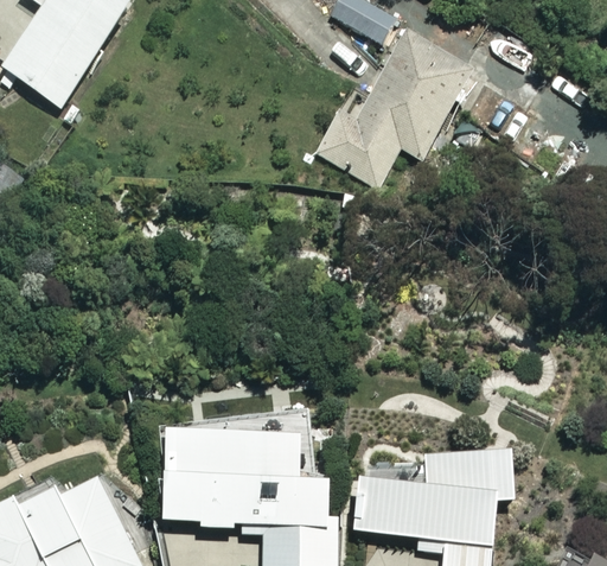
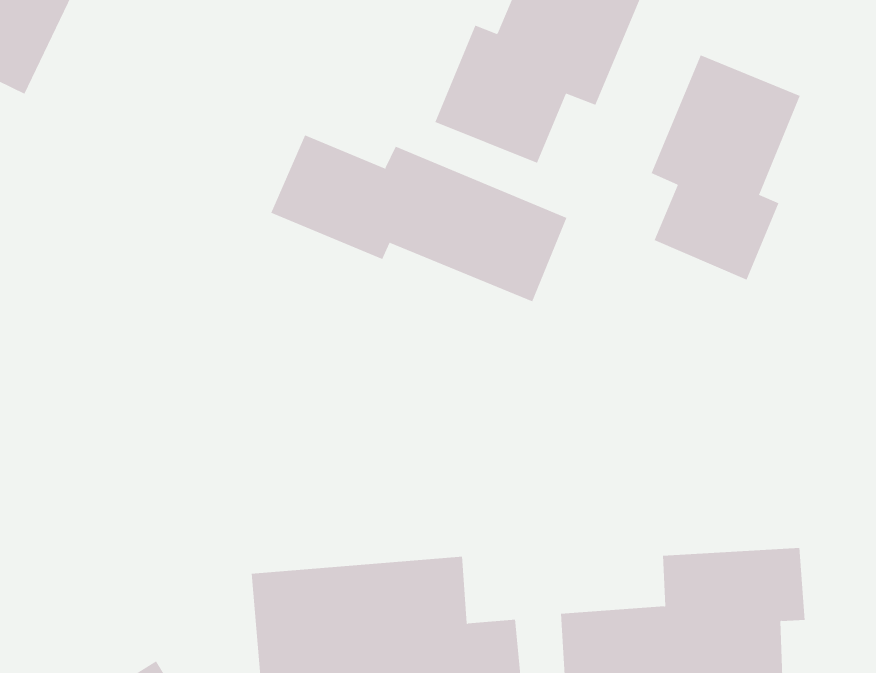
building: none -> [651,54,800,280]
building: none -> [270,134,567,302]

